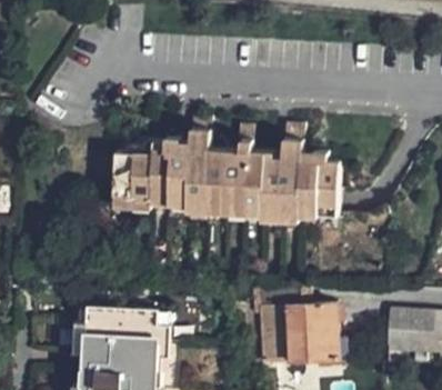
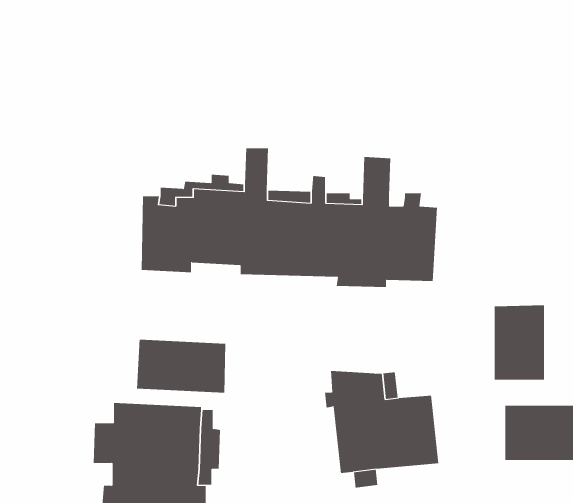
building: none -> [494,304,544,380]
building: none -> [137,339,226,394]

